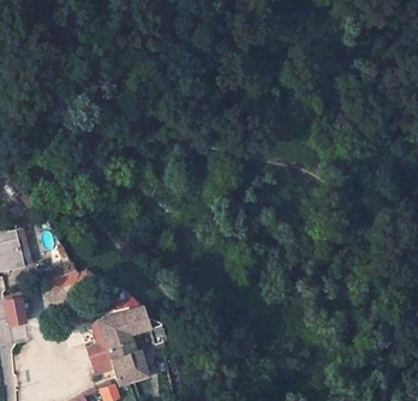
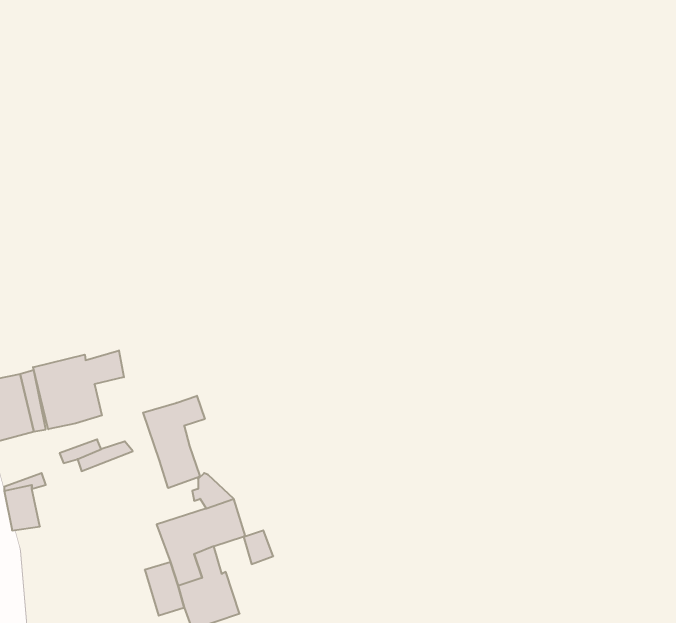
building: none -> [33,350,124,429]
building: none -> [143,396,205,488]

